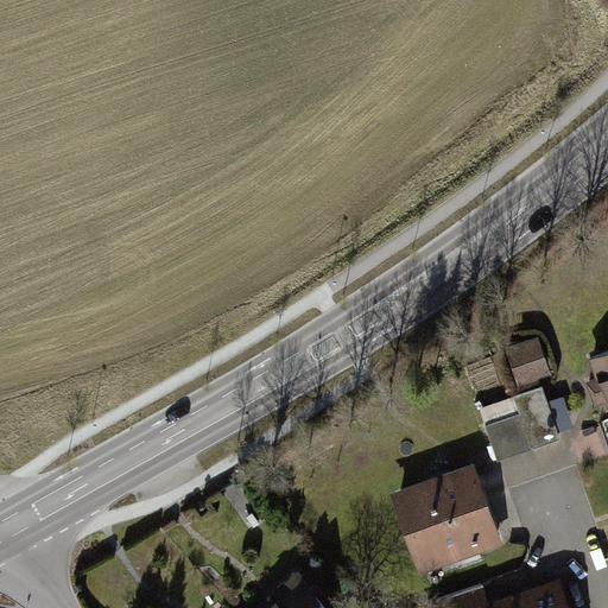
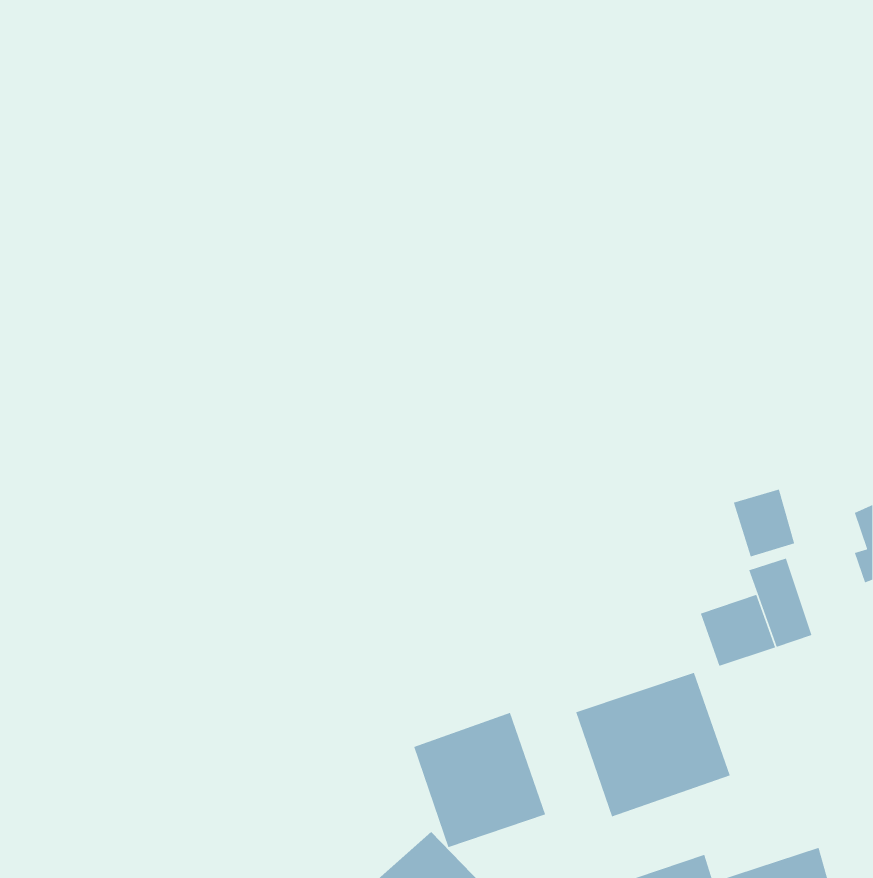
building: none -> [413,712,546,848]

